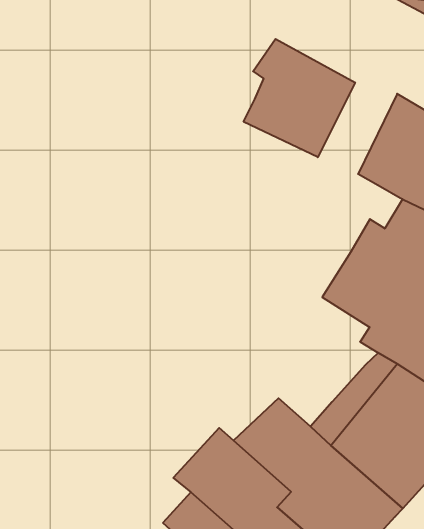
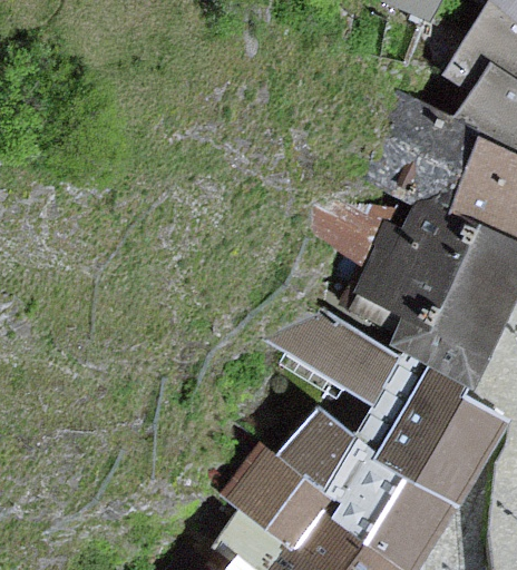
building: [244,39,355,157] -> none
building: none -> [274,312,402,407]

